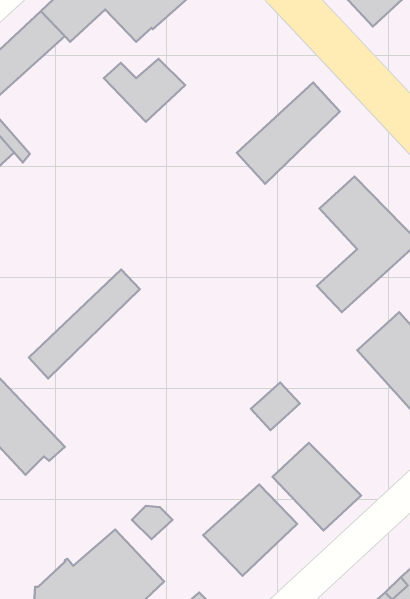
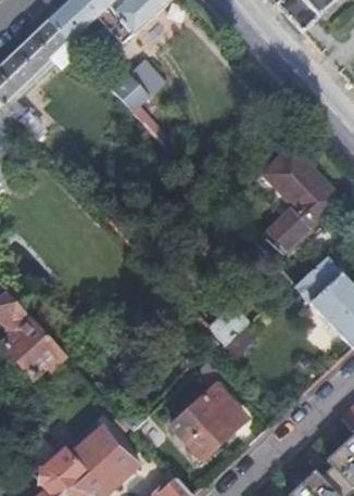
building: [237,82,340,184] -> none
building: [29,269,140,378] -> none
building: [272,443,361,531] -> none

